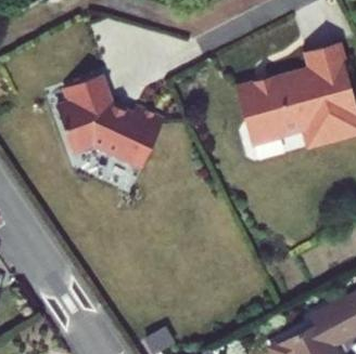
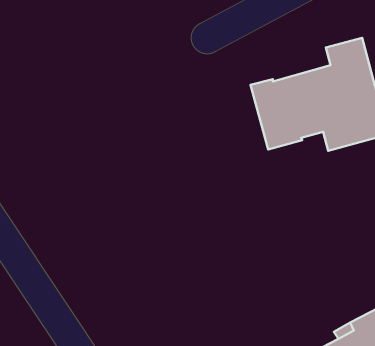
building: [54,77,163,168] -> none

